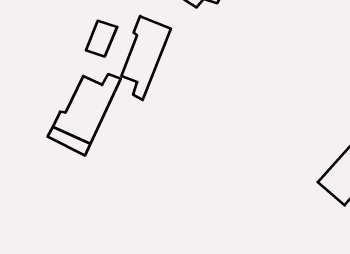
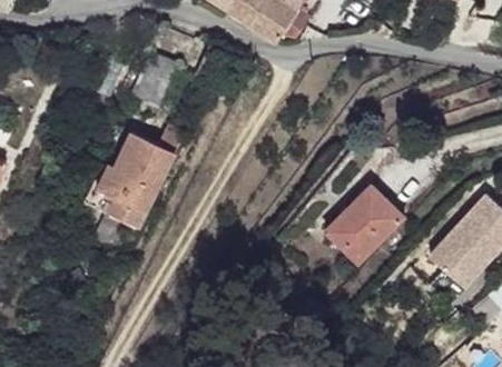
building: [122,16,171,100] -> none
building: none -> [336,188,421,272]

